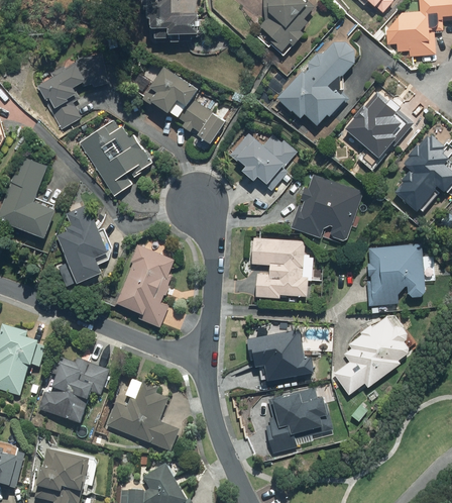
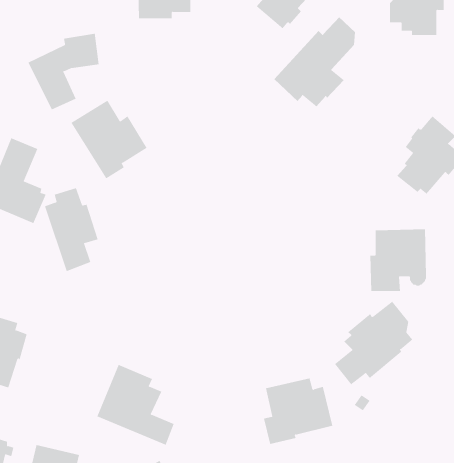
building: [132,66,228,142] -> none
building: [344,90,414,158] -> none
building: [236,132,297,185] -> none
building: [290,173,363,241] -> none
building: [250,236,313,298] -> none
building: [113,241,176,326] -> none
building: [244,329,315,379] -> none
building: [44,361,109,424] -> none

